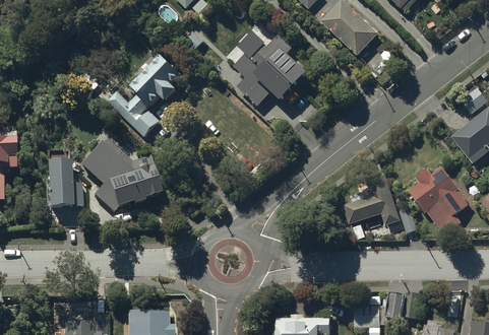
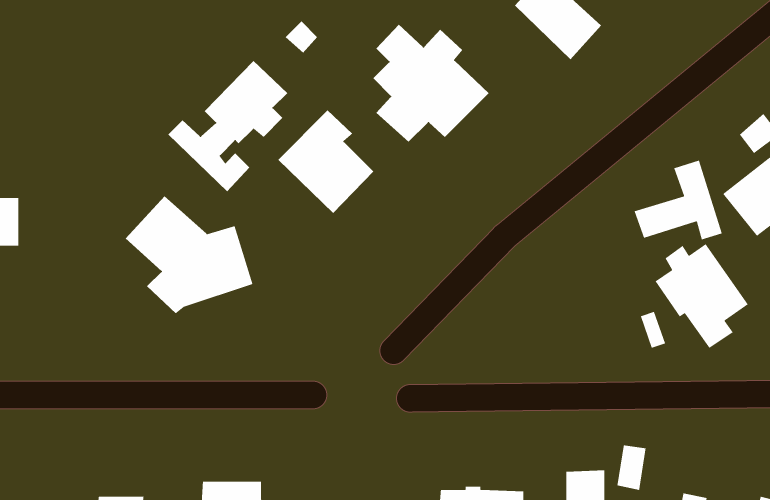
building: none -> [278,110,374,214]
building: [49,160,83,207] -> none
building: [343,174,398,223] -> [634,160,723,240]

